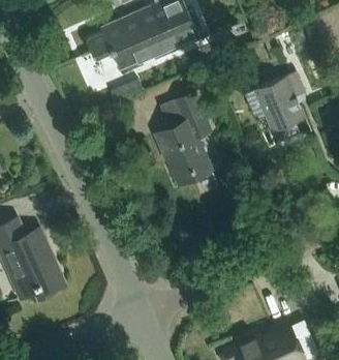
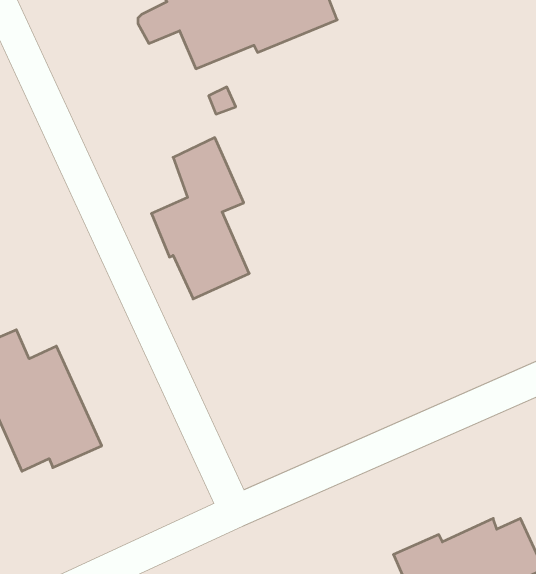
building: [255,72,306,132] -> none
building: [156,94,212,186] -> [151,138,249,299]

